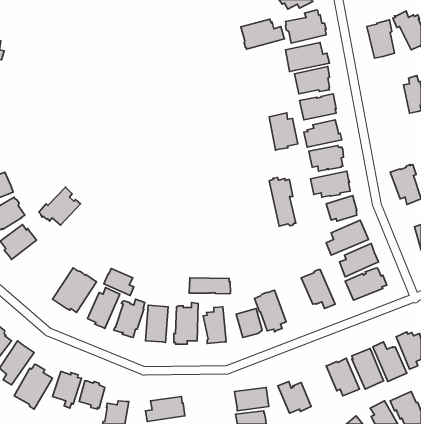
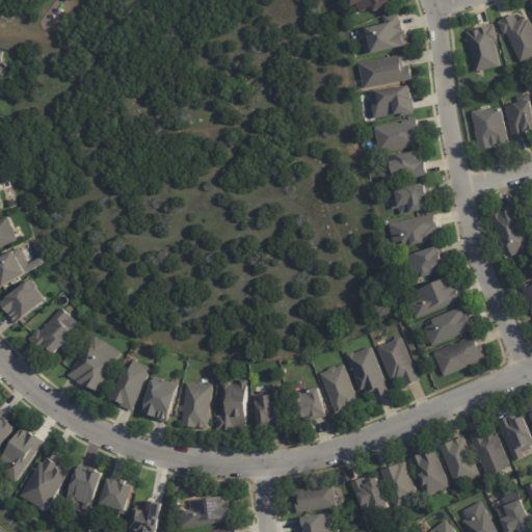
building: [241,19,285,49] -> none
building: none -> [467,107,503,151]
building: [269,113,298,150] -> none
building: [269,177,296,226] -> none
building: [39,187,80,225] -> [27,307,79,354]
building: [104,268,134,296] -> none
building: none -> [346,346,390,398]
building: [189,278,230,294] -> none
building: none -> [379,460,417,509]

